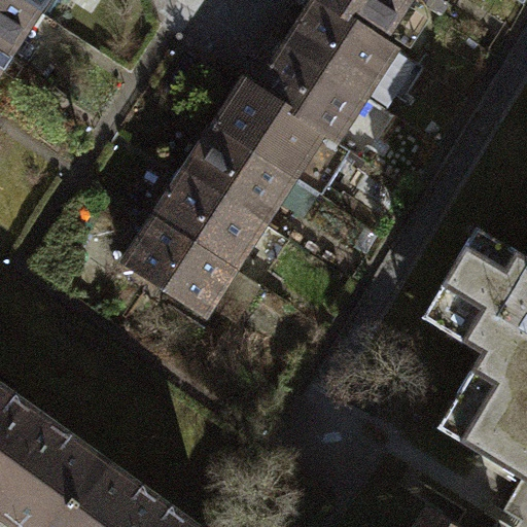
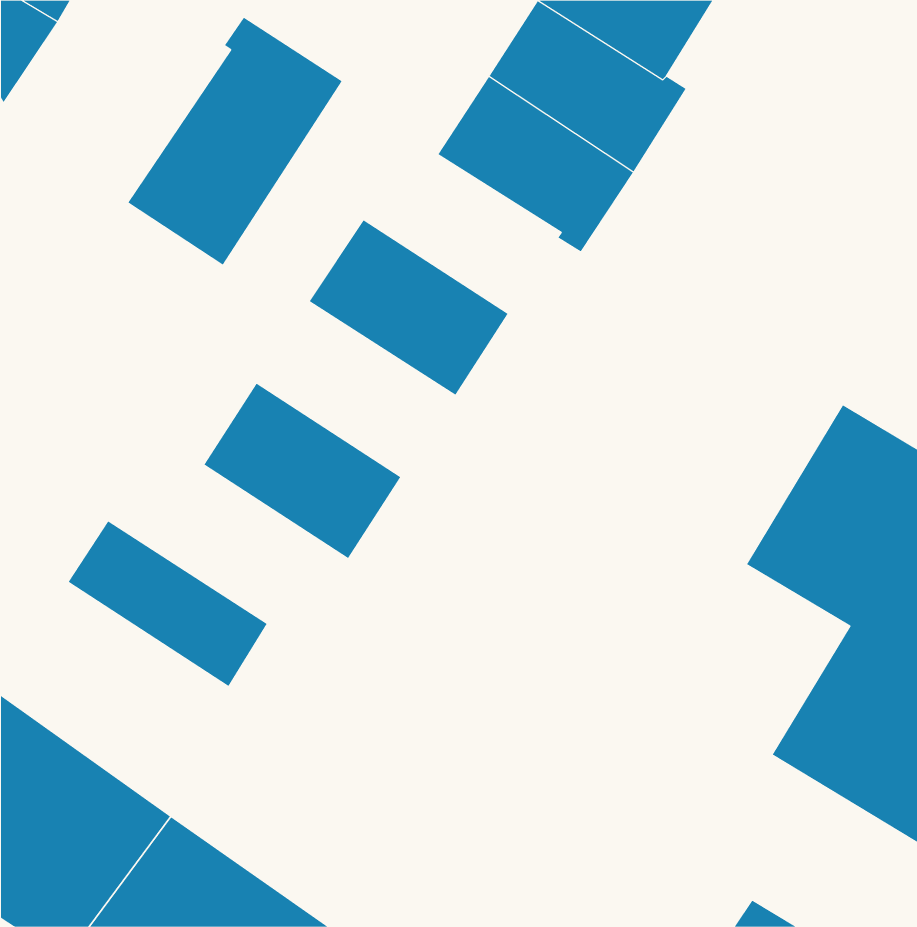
building: none -> [127,17,342,266]
building: [210,78,349,195] -> none
building: [151,171,265,271] -> none
building: none -> [68,520,268,687]

